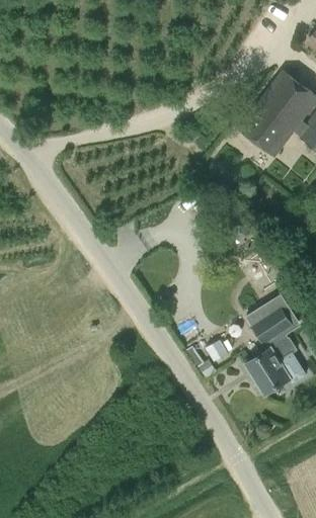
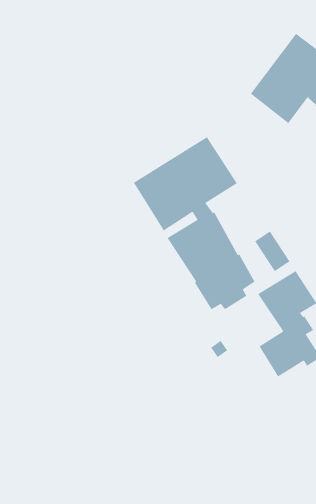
building: none -> [133,136,256,310]

